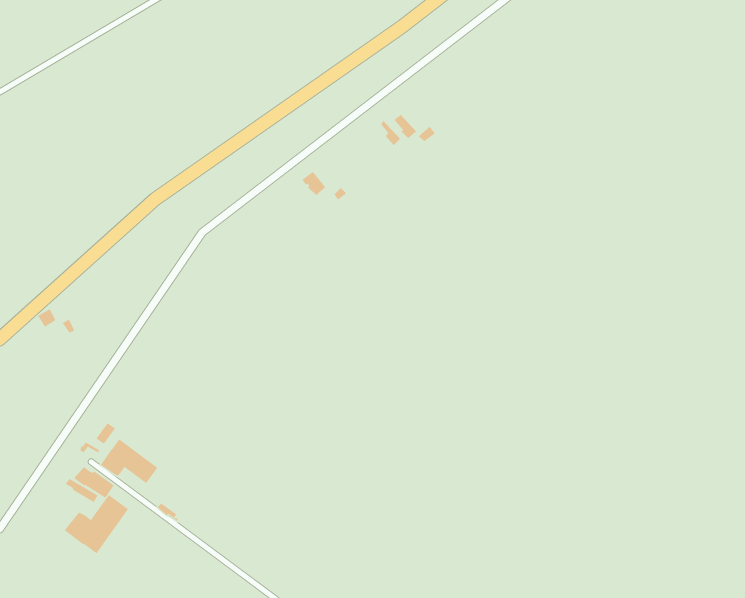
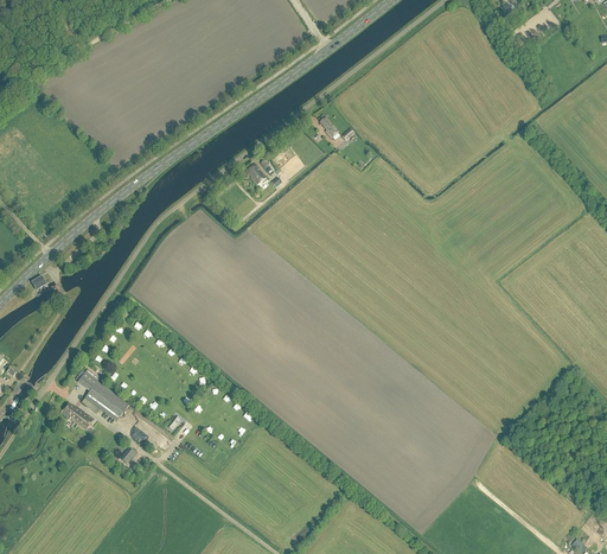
building: [64,494,129,554] -> none

